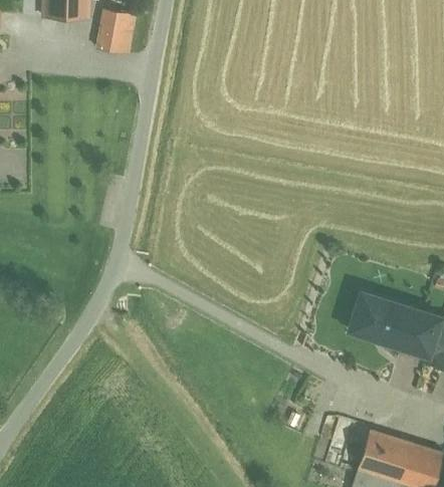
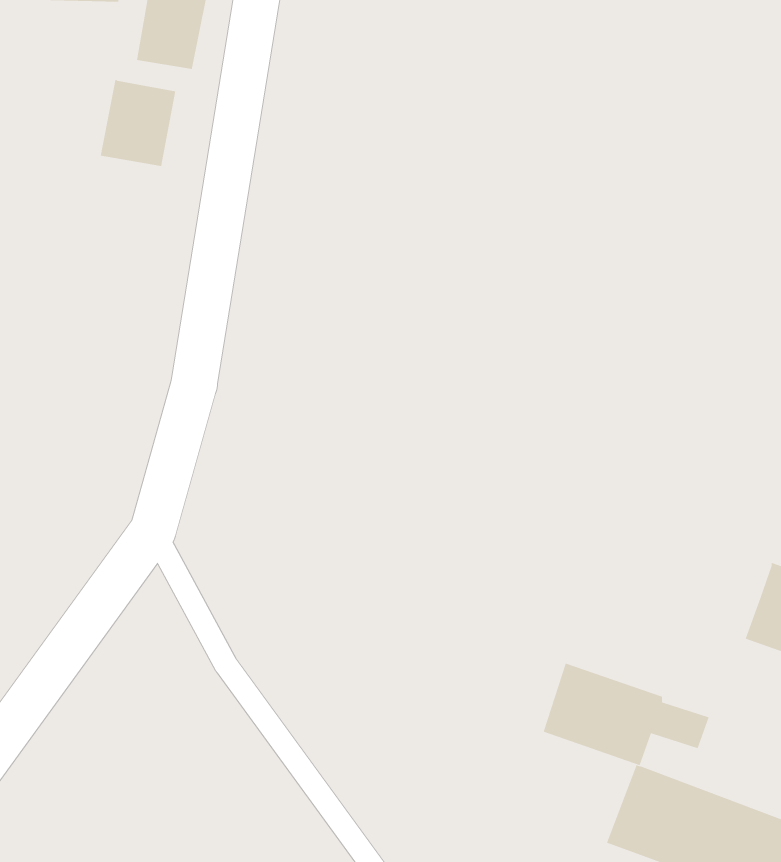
building: none -> [100,79,176,167]
building: [348,291,437,346] -> [543,663,710,766]

